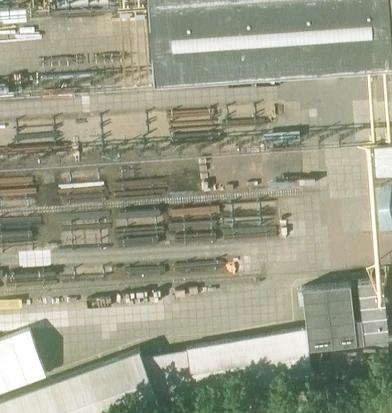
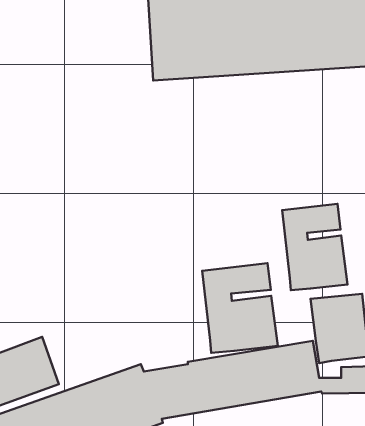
building: none -> [282,204,347,290]
building: none -> [202,263,278,353]

